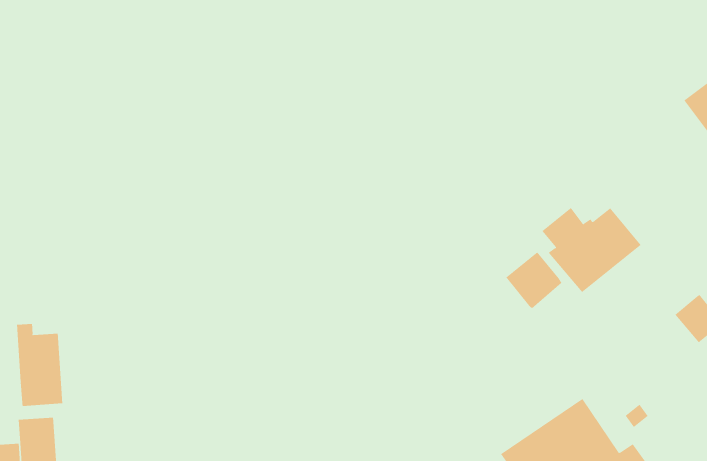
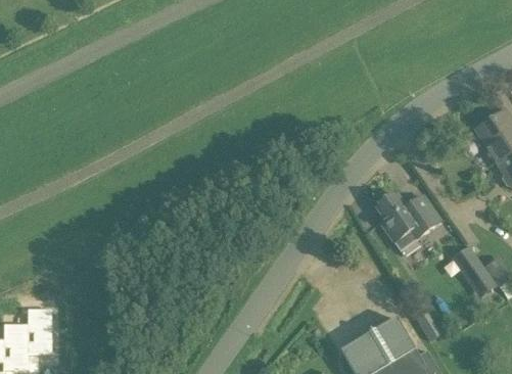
building: [505,252,562,309] -> none
building: [16,323,63,407] -> none

